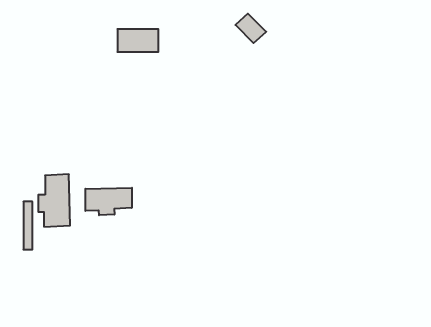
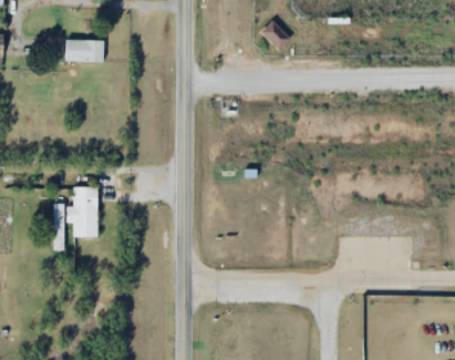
building: [117,29,158,52] -> [66,39,106,61]
building: [85,188,132,215] -> none

